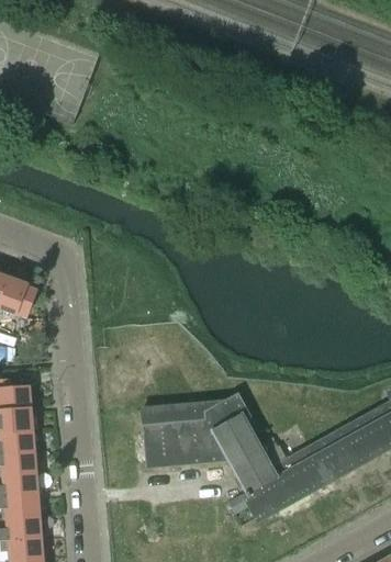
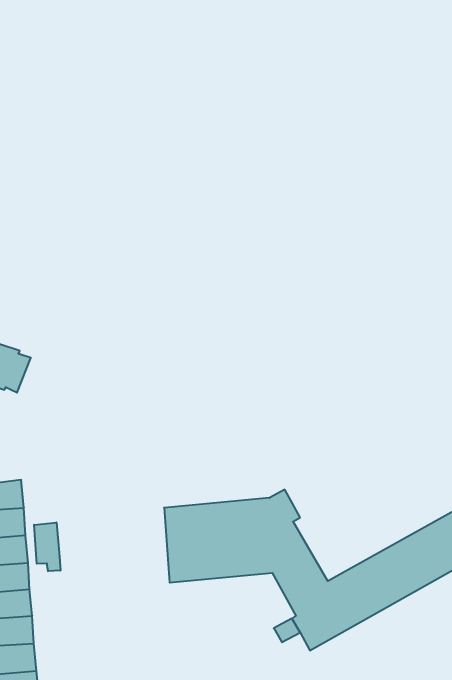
building: none -> [34,522,60,571]

